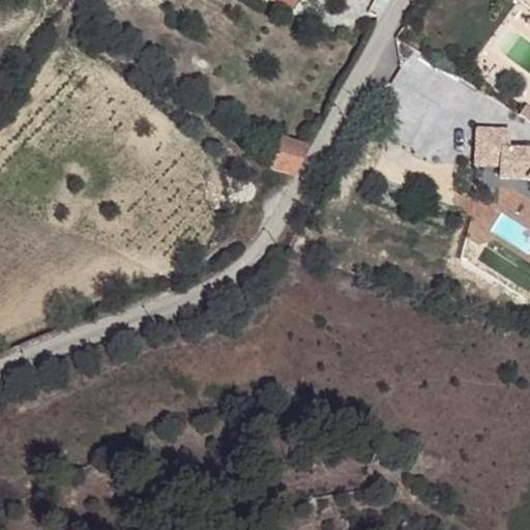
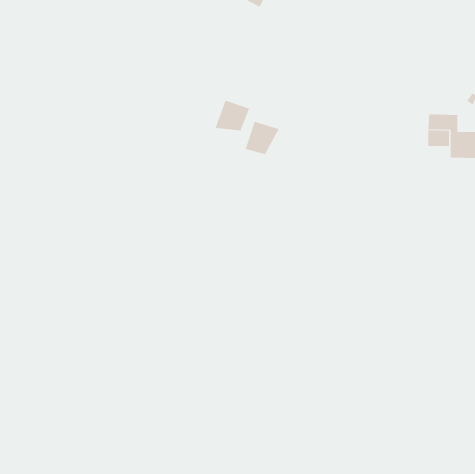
building: none -> [215,100,250,131]

